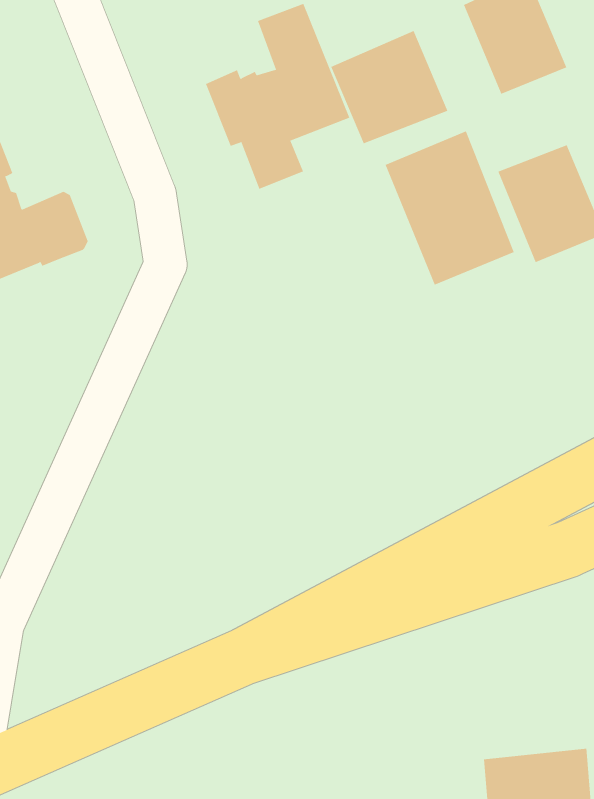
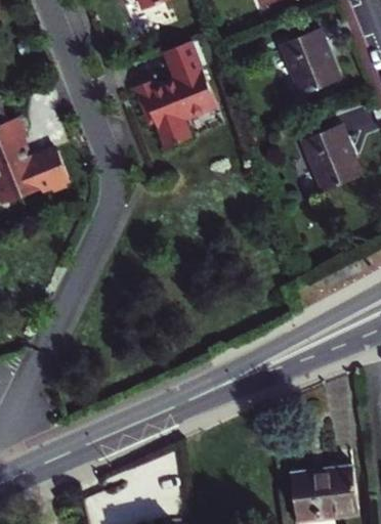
building: [330,30,448,144] -> none
building: [385,131,515,285] -> none

